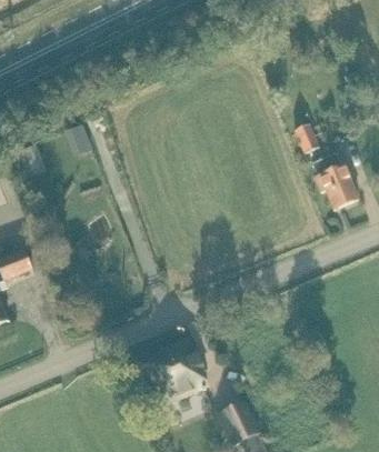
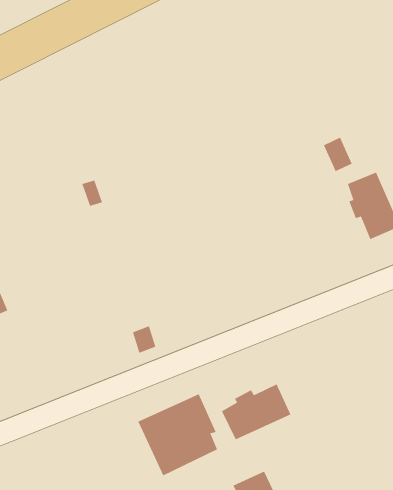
building: none -> [221,383,291,440]

